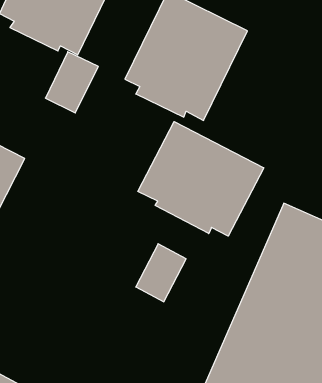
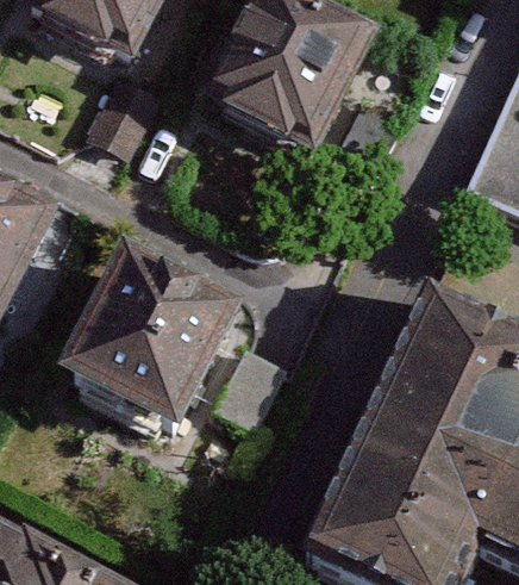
building: [138,122,264,236] -> none
building: none -> [50,265,239,459]

